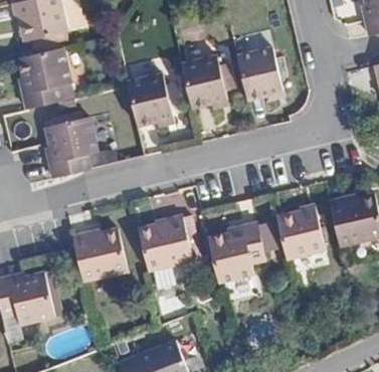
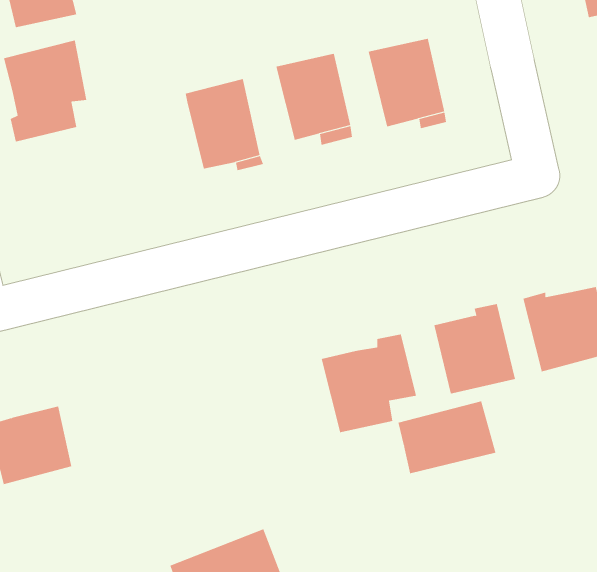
building: [45,118,96,177] -> none
building: [138,214,192,271] -> none
building: [71,229,127,283] -> none
building: none -> [398,401,496,474]

